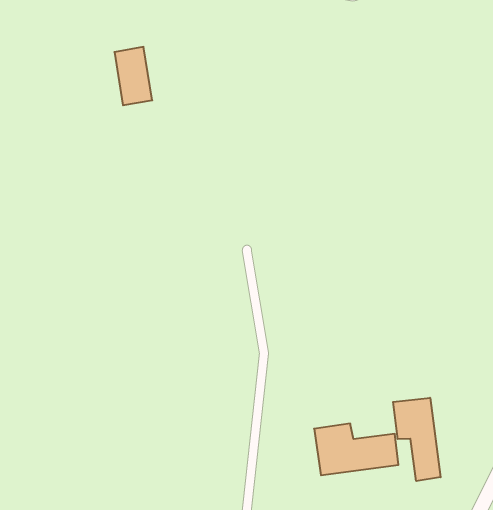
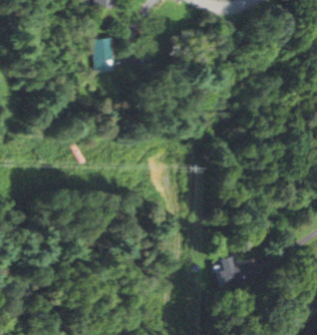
building: [393,398,441,481] -> none

